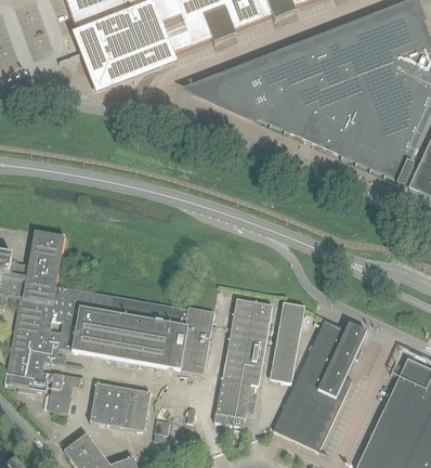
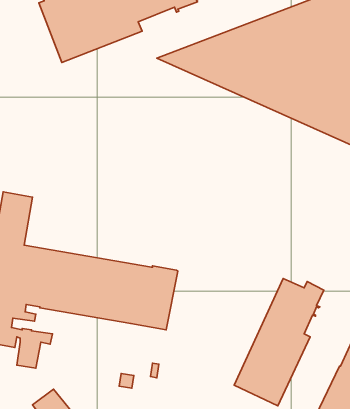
building: [213,297,273,426] -> none
building: [275,301,303,381] -> none
building: [90,382,151,430] -> none

